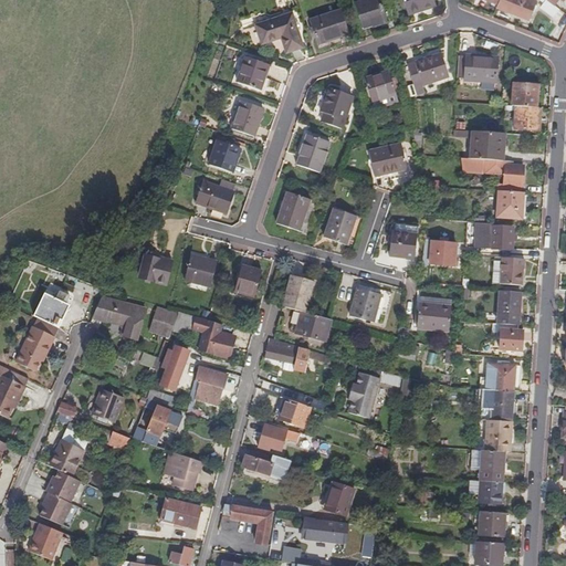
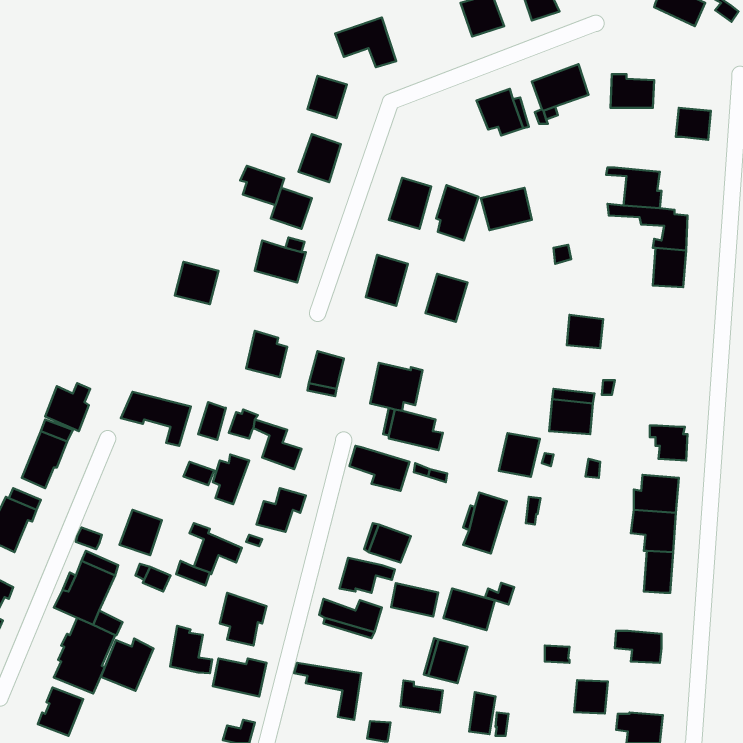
building: [306,10,346,43] -> none
building: [318,84,350,126] -> [436,185,479,240]
building: [515,104,541,128] -> none
building: none -> [240,166,284,205]
building: [388,218,417,256] -> none
building: [473,222,511,249] -> none
building: [139,253,172,285] -> [175,262,218,304]
building: [492,256,522,284] -> none
building: [349,287,380,321] -> [499,433,540,477]
building: [499,290,521,324] -> none
building: none -> [391,583,438,616]
building: none -> [444,588,495,630]
building: [470,448,504,481] -> none
building: none -> [170,626,212,673]
building: none -> [101,639,153,691]
building: [480,511,505,536] -> [574,680,608,714]

